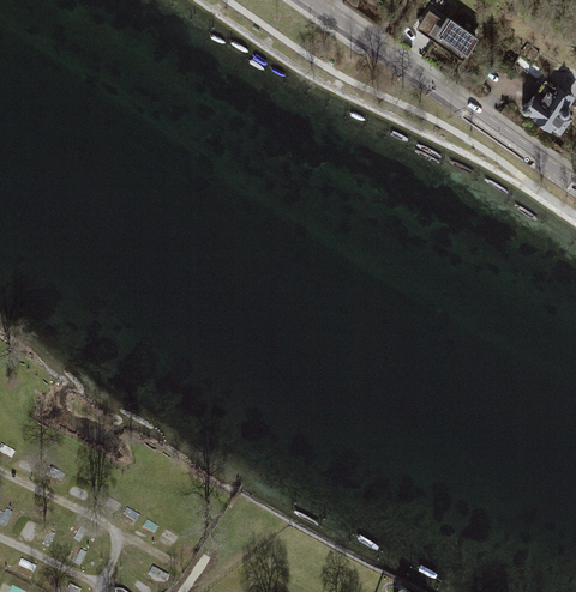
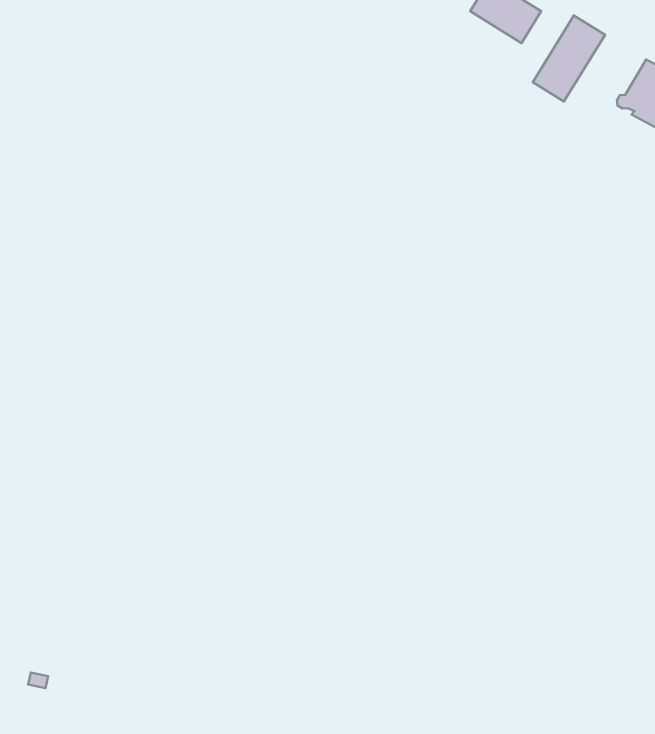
building: none -> [533,15,605,101]

